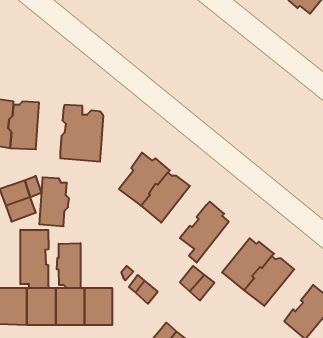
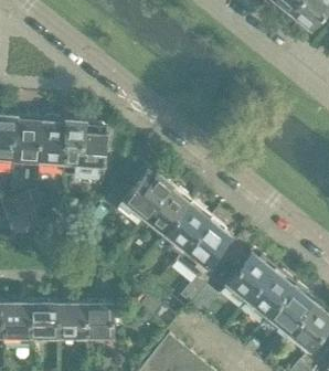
building: [39,177,69,226] -> [39,117,68,166]
building: none -> [163,200,209,252]
building: [20,230,49,288] -> none
building: [57,243,80,288] -> none
building: none -> [266,283,312,335]

